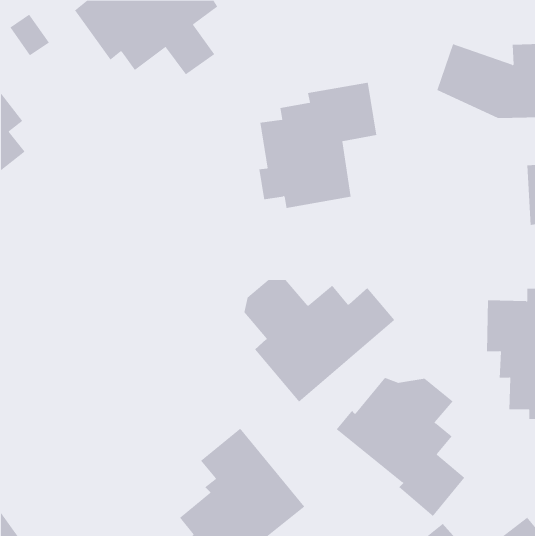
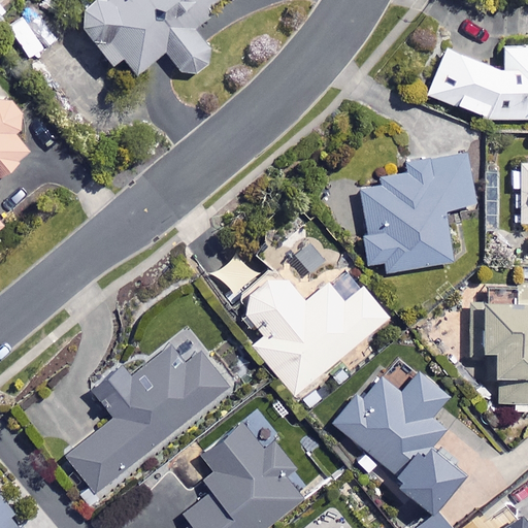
building: [258,82,377,208] -> [359,150,474,272]
building: none -> [67,346,230,494]

